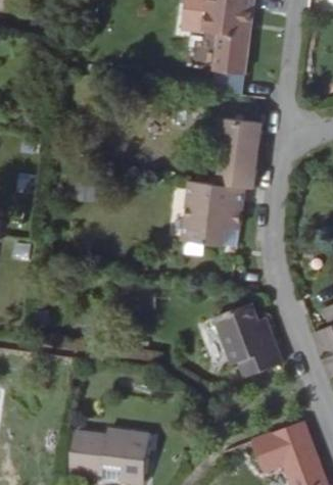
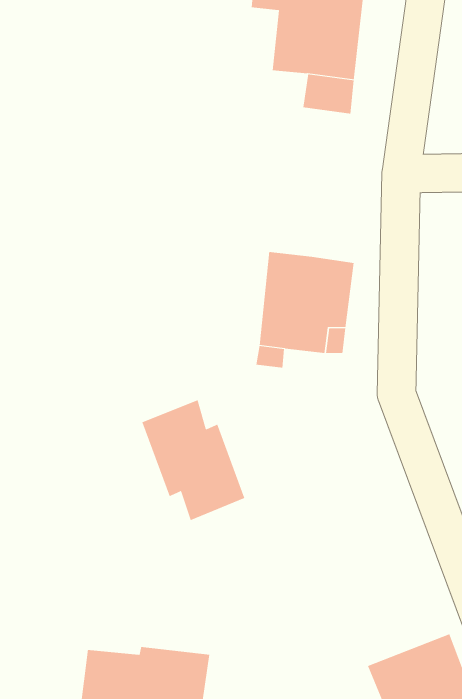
building: [217,118,261,189] -> none
building: [216,301,281,378] -> [142,400,245,521]

